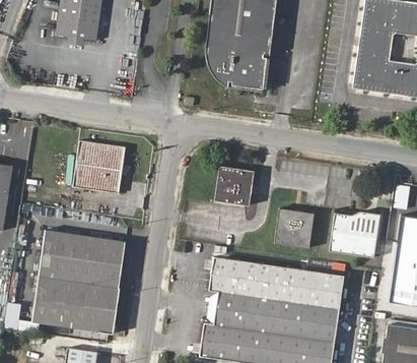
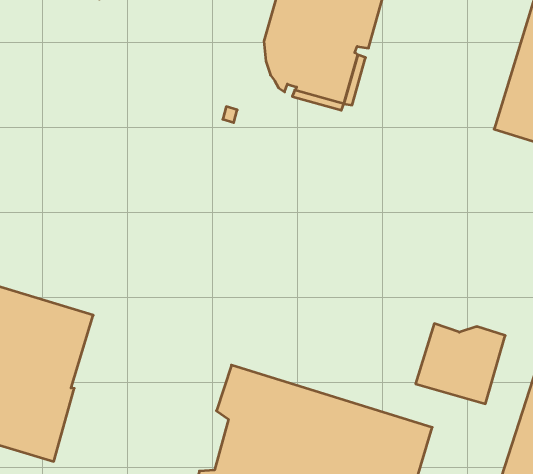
building: [75,140,125,192] -> none
building: [212,167,253,206] -> none
building: [274,208,310,248] -> none

